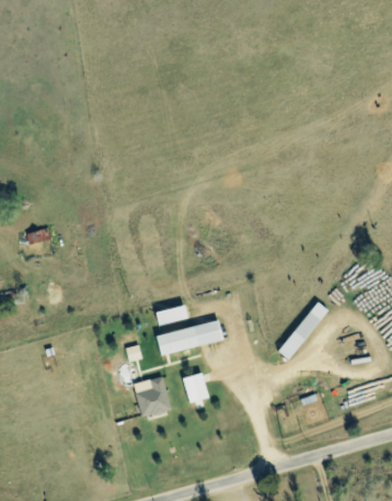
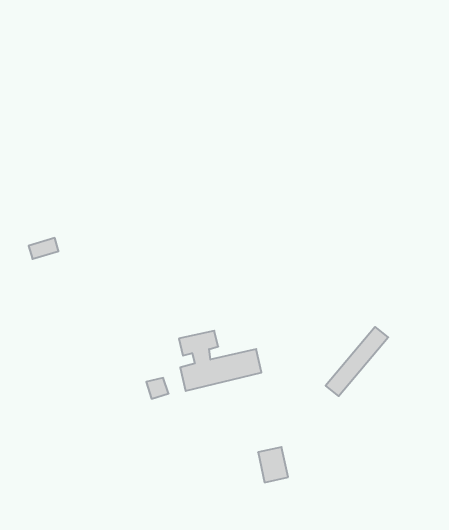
building: [183,373,208,402] -> [258,447,288,482]
building: [135,376,172,417] -> none

